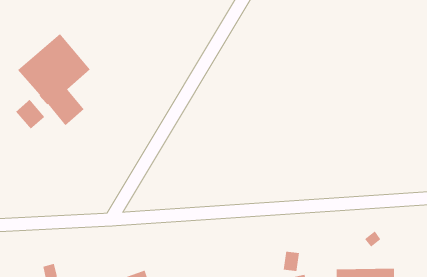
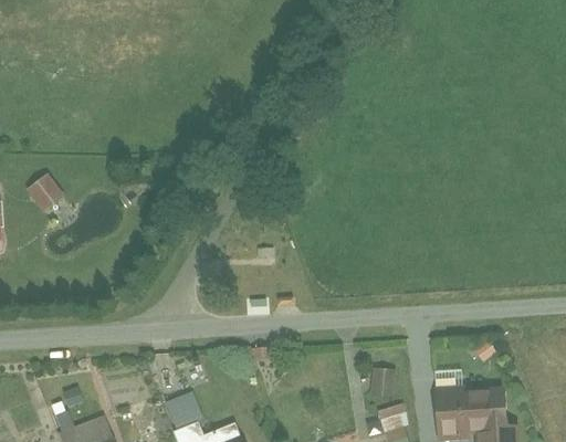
building: [17,33,90,126] -> none

